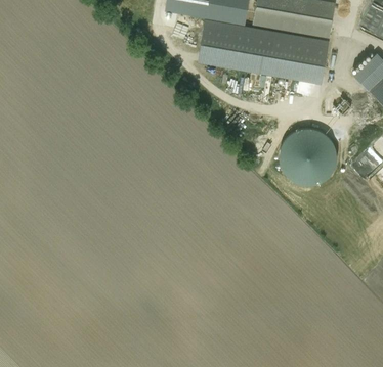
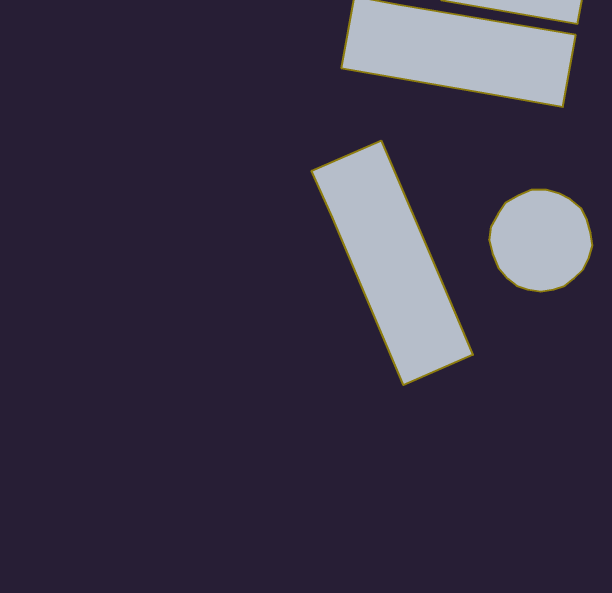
building: none -> [312,141,473,385]

